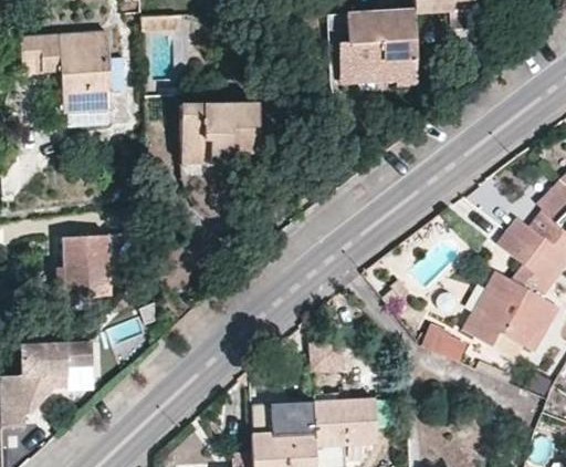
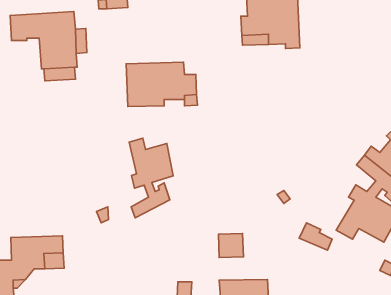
building: none -> [129,138,173,218]
building: [64,236,112,298] -> none

